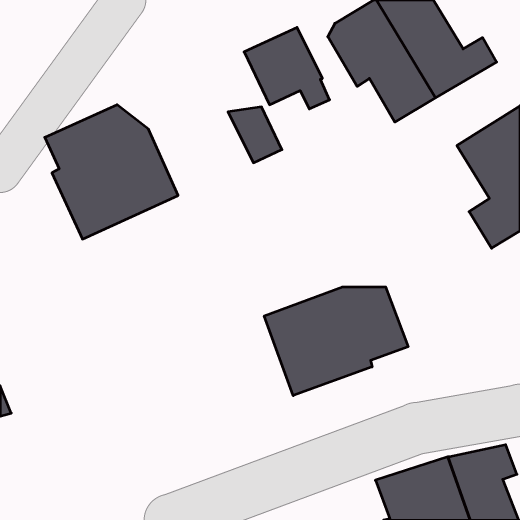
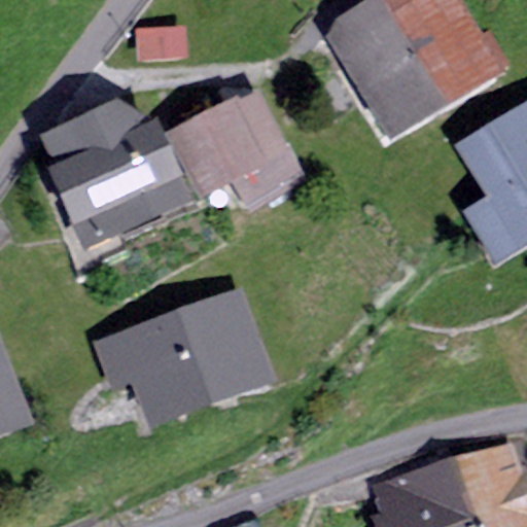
building: [244,27,330,109] -> [177,113,264,196]
building: [264,287,408,396] -> none
building: none -> [135,308,252,407]

